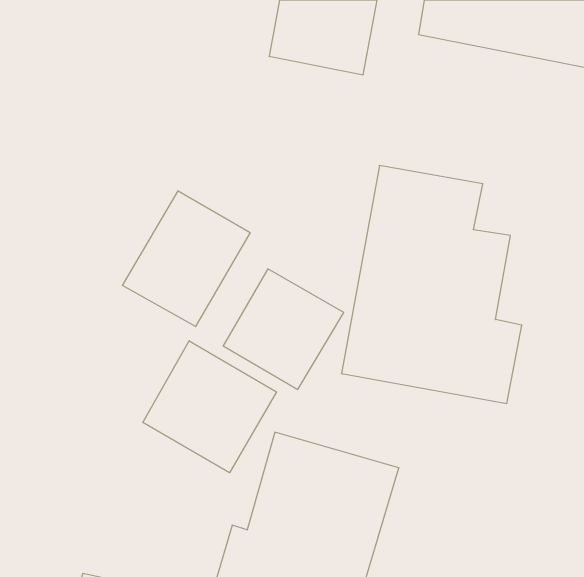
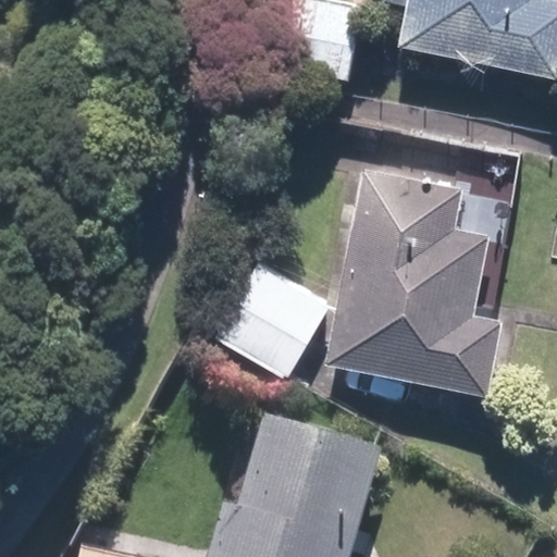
building: [122,191,250,327] -> none
building: [143,341,277,473] -> none

